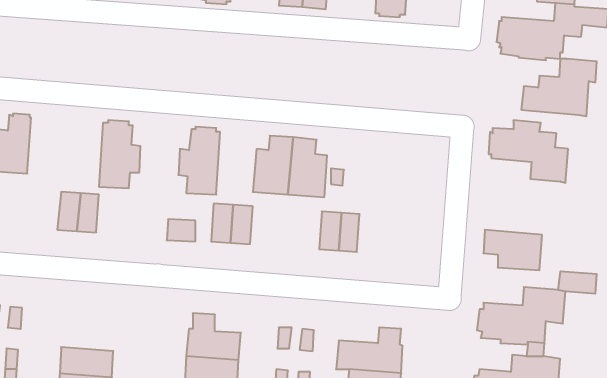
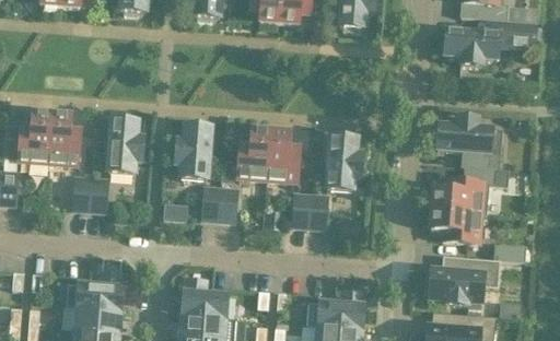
building: [521,59,597,116] -> [432,166,495,214]
building: none -> [48,113,81,165]
building: none -> [327,134,363,191]
building: none -> [67,272,122,310]

